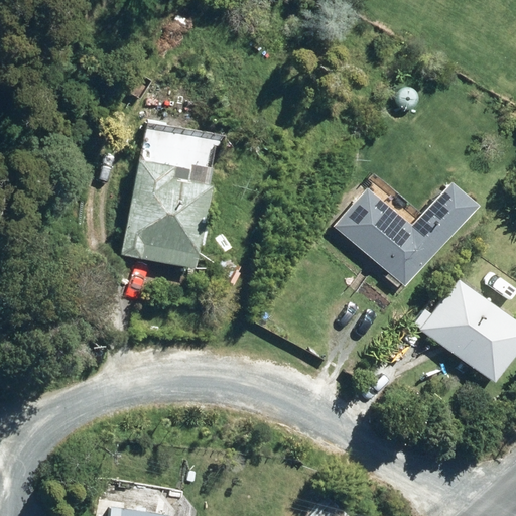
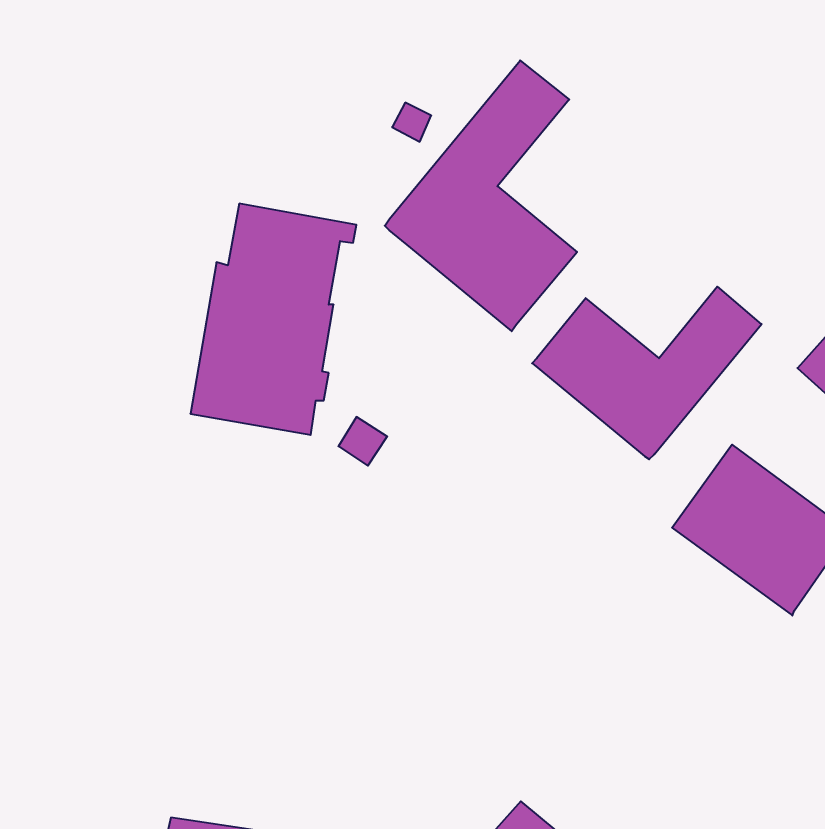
building: none -> [385,60,577,331]

